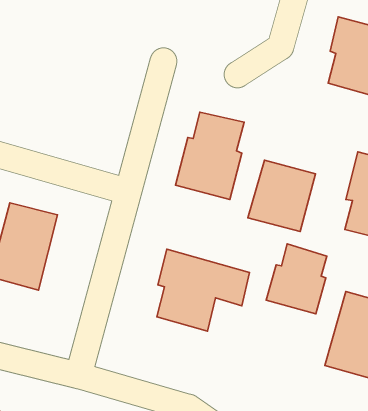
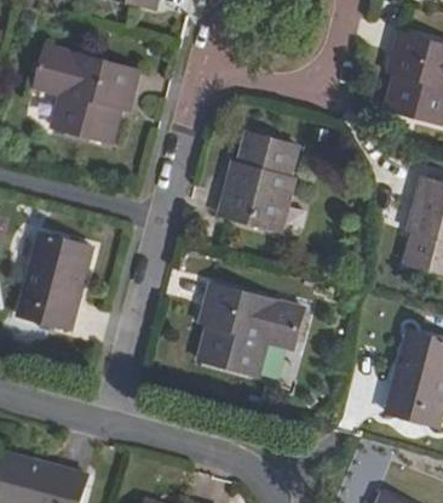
building: none -> [34,46,137,141]
building: [248,160,315,232] -> none
building: [266,244,327,314] -> none

